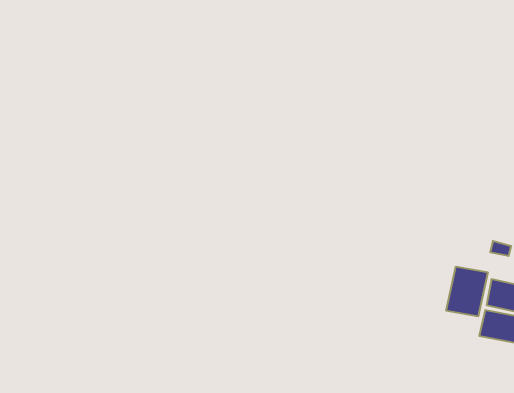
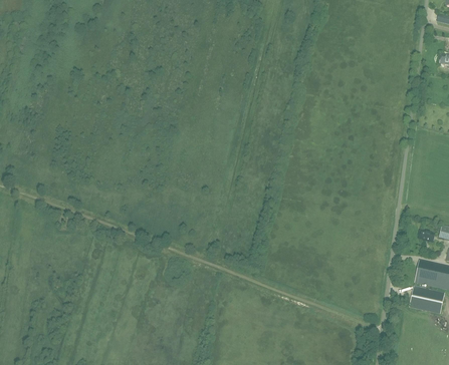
building: [446,267,488,316] -> none

